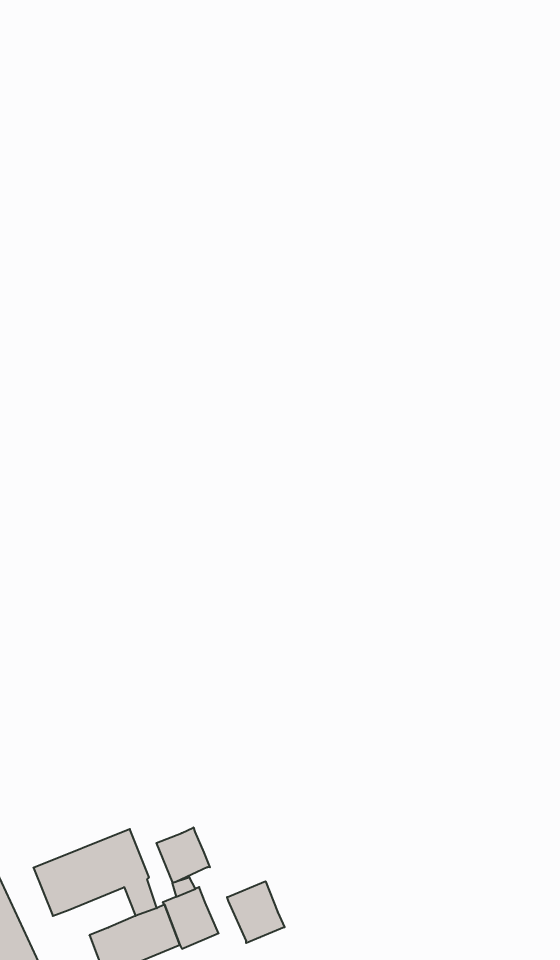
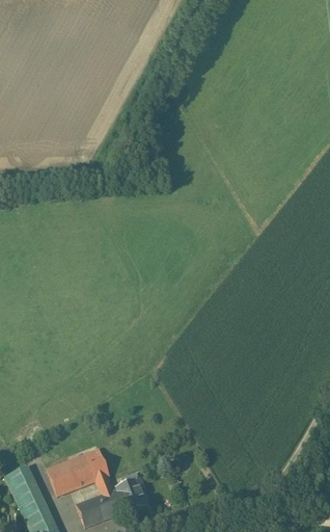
building: [156,827,210,883] -> none
building: [227,881,285,943] -> none

